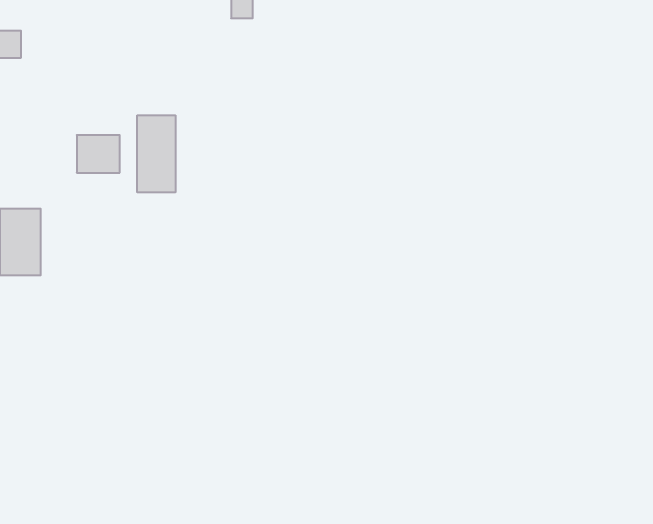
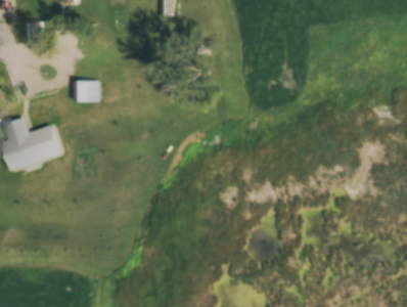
building: [137,115,175,192] -> none

